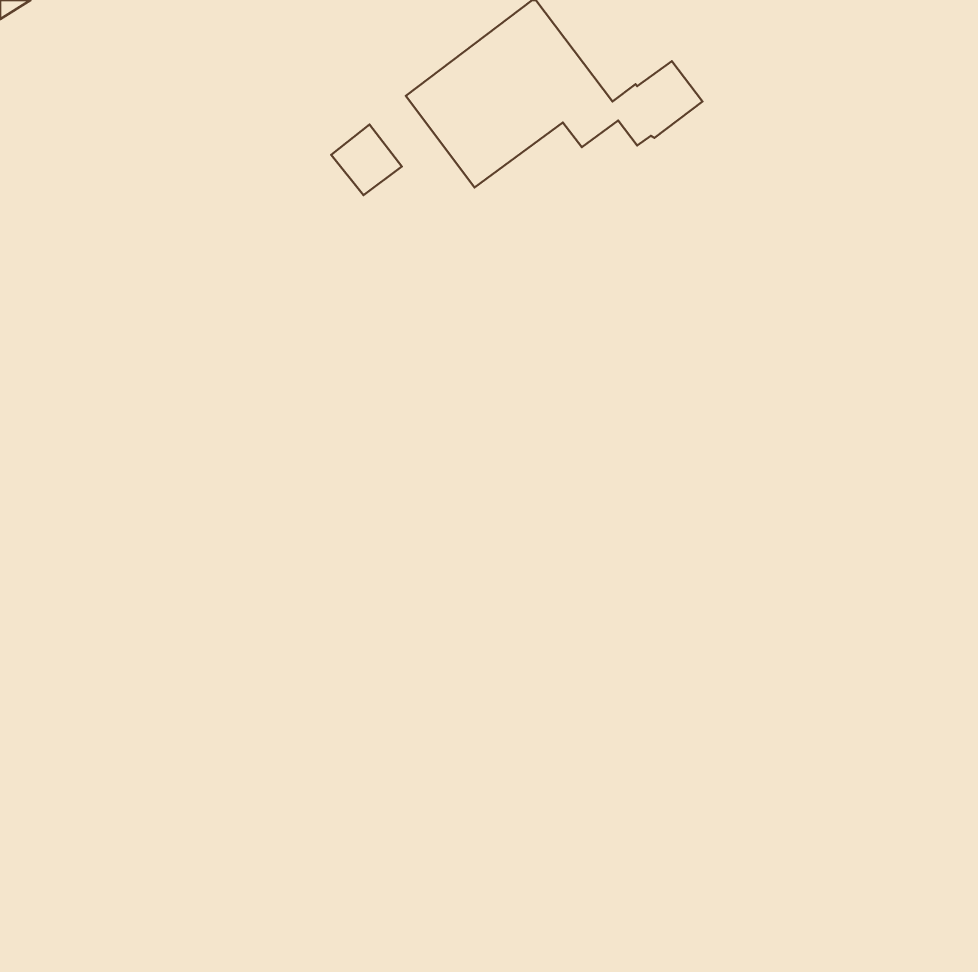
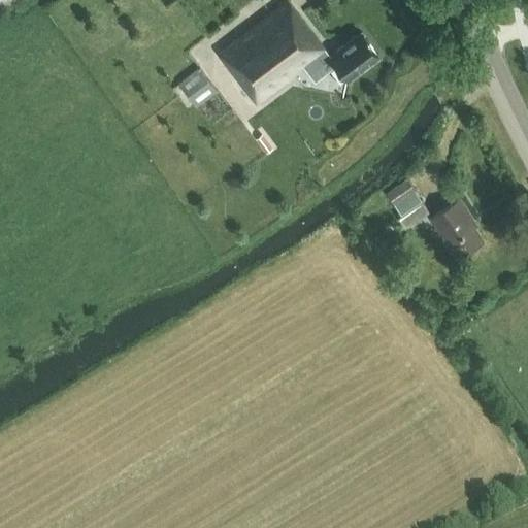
building: none -> [385,180,428,229]
building: none -> [431,201,482,258]

